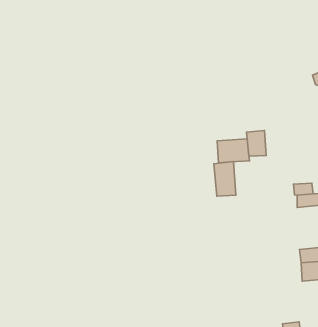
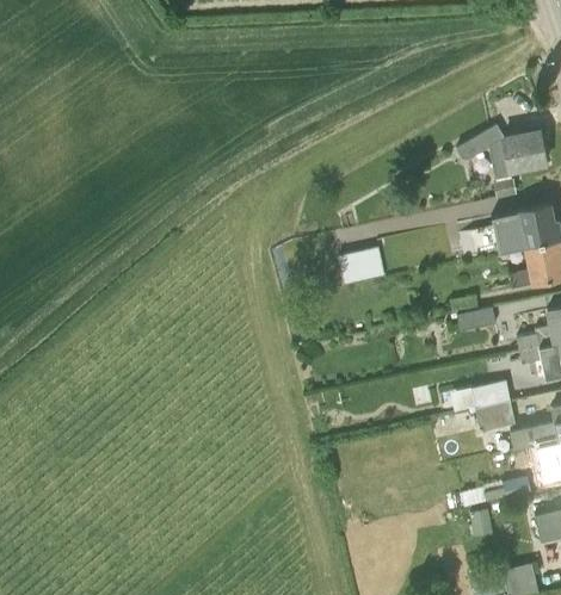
building: [247,130,266,156] -> none
building: [214,162,236,196] -> none

